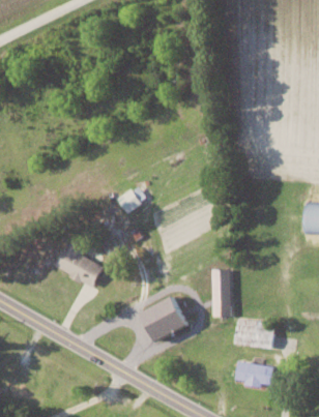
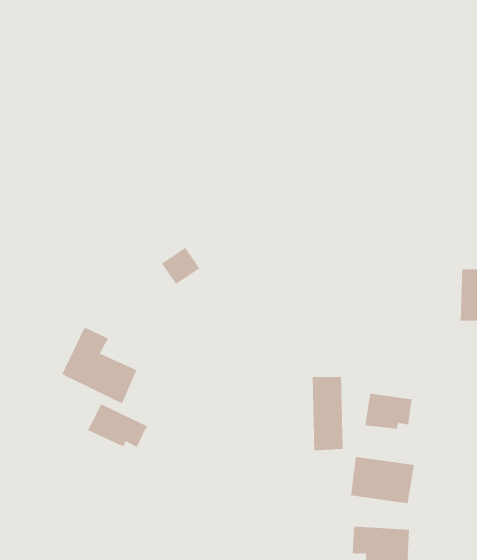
building: none -> [365,393,412,430]
building: none -> [87,403,148,448]
building: [142,297,189,341] -> none

